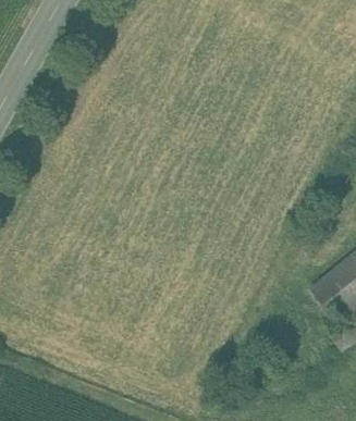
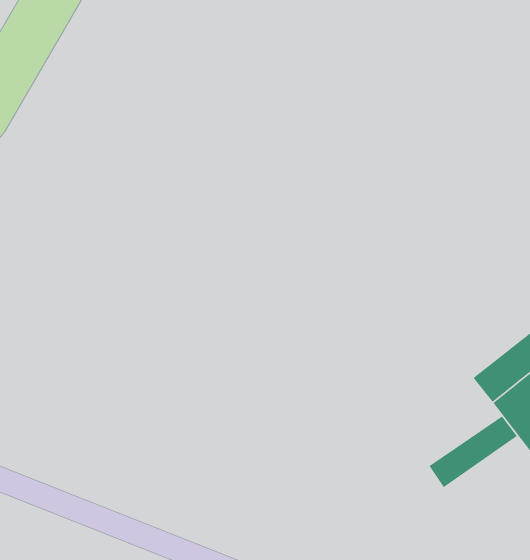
building: none -> [428,416,518,488]

